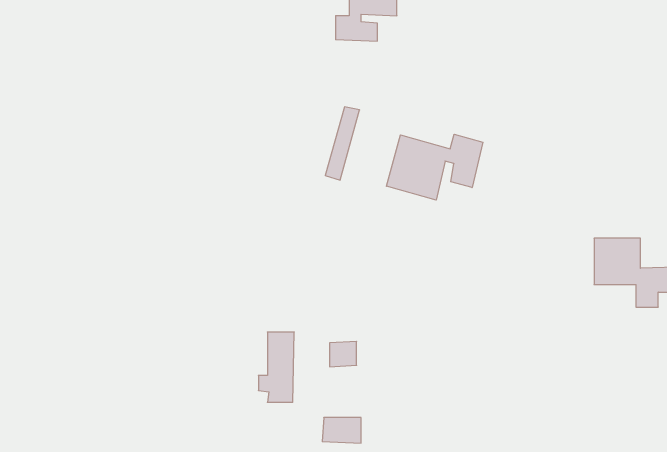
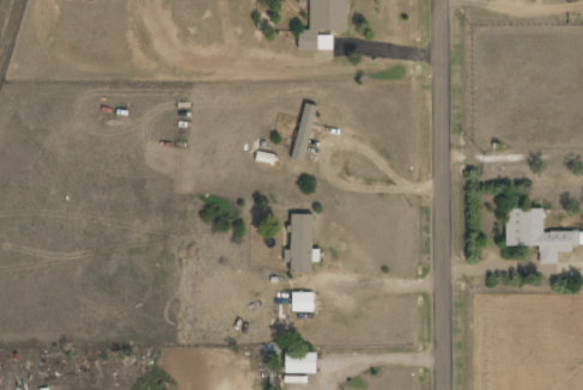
building: [386,134,483,200] -> none
building: [258,332,294,402] -> [285,214,314,270]

